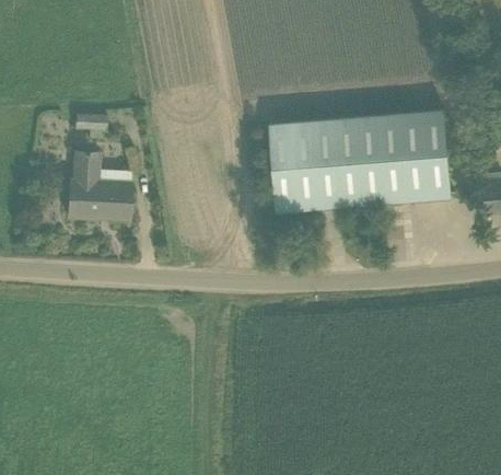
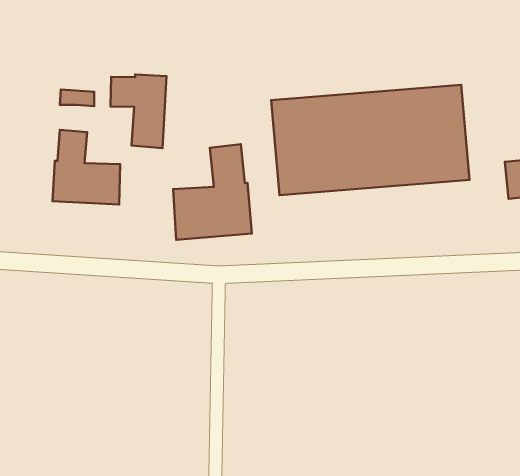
building: none -> [110,75,166,148]
building: none -> [173,144,252,240]

